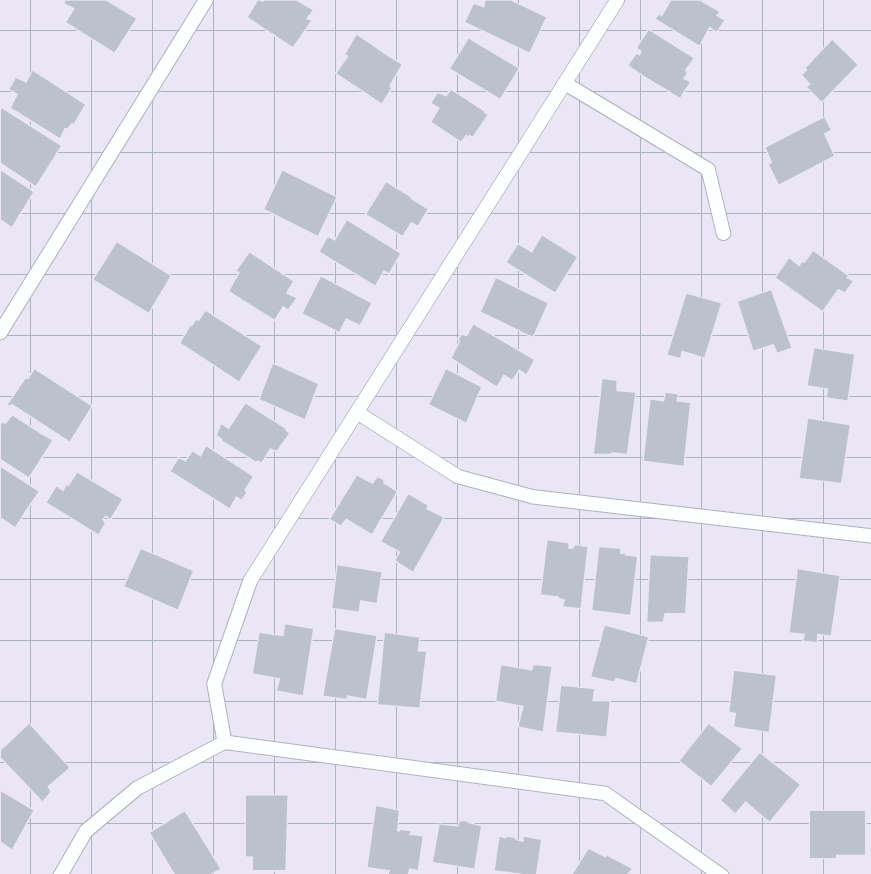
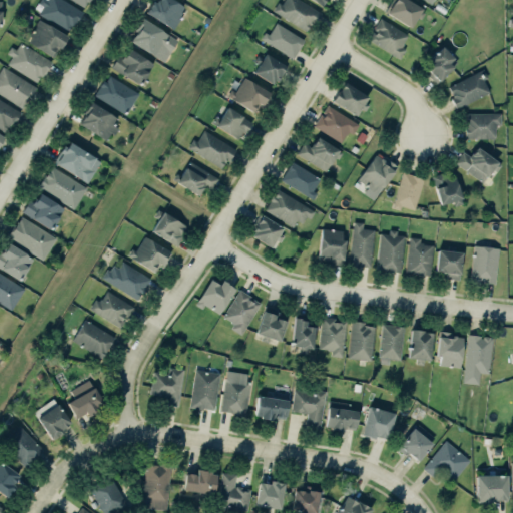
building: none -> [29,19,68,56]
building: [336,34,402,104] -> [131,17,170,58]
building: [801,39,858,103] -> [426,46,459,83]
building: none -> [112,48,154,84]
building: none -> [232,78,272,114]
building: none -> [335,83,372,118]
building: [263,170,337,237] -> [98,76,141,115]
building: none -> [315,105,360,142]
building: none -> [467,114,503,140]
building: [229,252,297,320] -> [80,101,120,141]
building: none -> [360,154,399,201]
building: [179,310,262,382] -> [39,167,87,209]
building: none -> [22,193,65,230]
building: [807,348,855,401] -> [437,249,465,281]
building: none -> [319,228,346,265]
building: none -> [406,236,435,277]
building: [46,472,123,535] -> [90,291,135,328]
building: none -> [256,305,287,341]
building: none -> [292,318,316,354]
building: none -> [411,331,435,364]
building: [332,564,382,612] -> none
building: [590,625,649,683] -> [363,406,397,440]
building: none -> [68,387,105,419]
building: [728,670,776,732] -> [438,333,466,369]
building: none -> [255,396,289,420]
building: none -> [40,406,72,438]
building: none -> [185,470,219,495]

